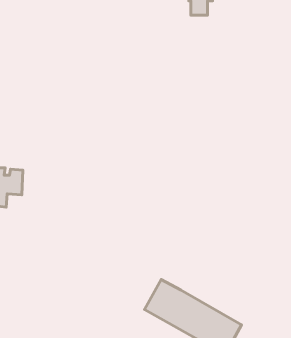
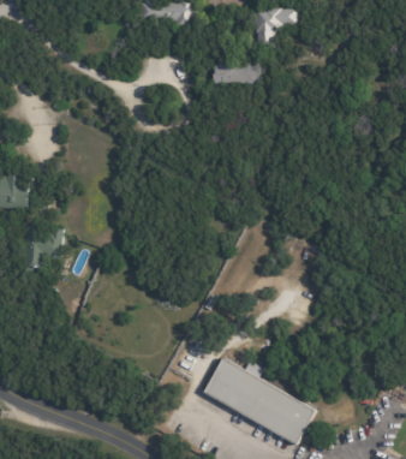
building: none -> [213,61,261,84]

